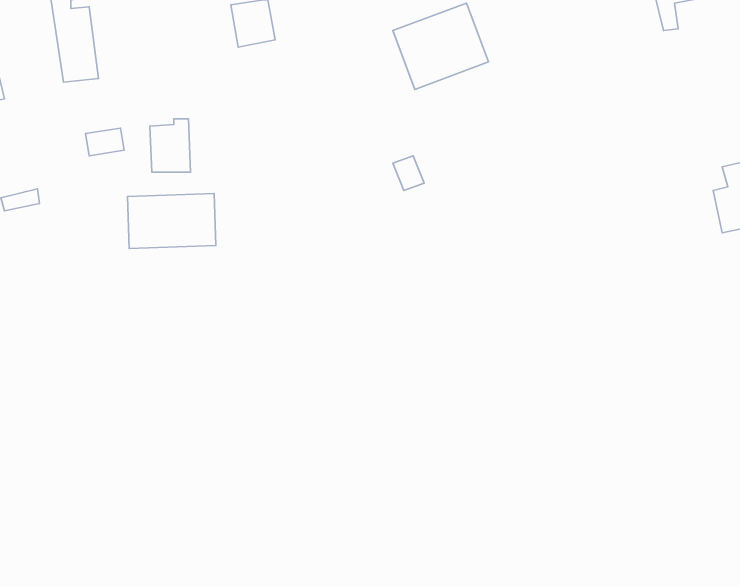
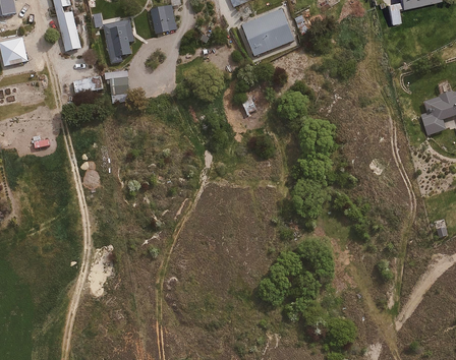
building: none -> [104,18,134,62]
building: [127,194,216,248] -> none

